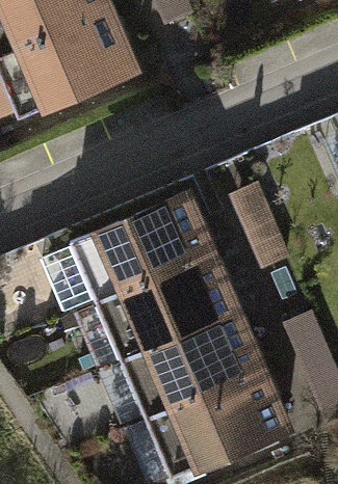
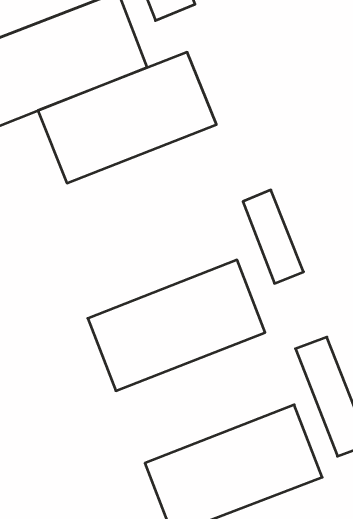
building: [62,180,222,296] -> [38,52,216,183]
building: [113,308,272,425] -> none

